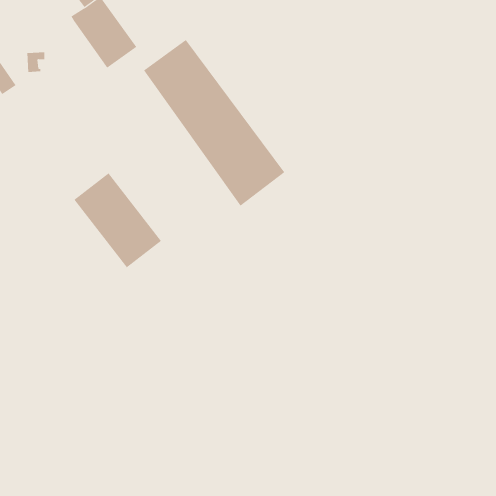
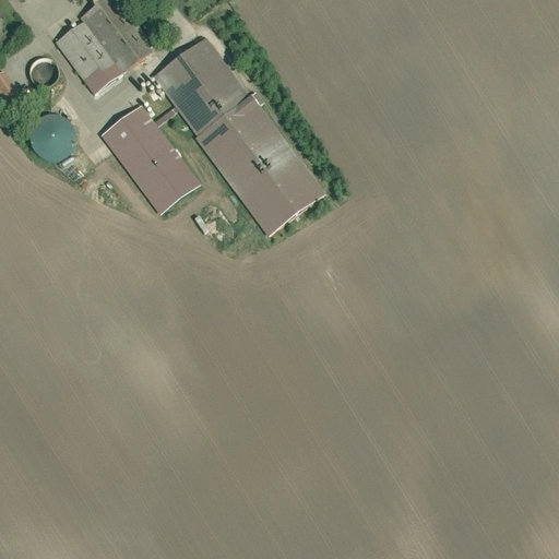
building: none -> [56,24,119,94]
building: none -> [28,114,76,162]
building: [73,172,162,268] -> [98,104,197,211]

